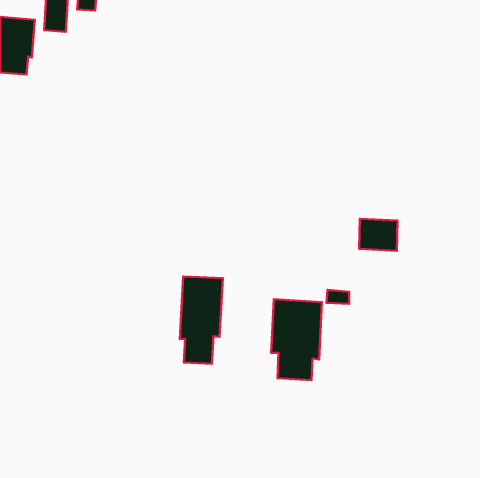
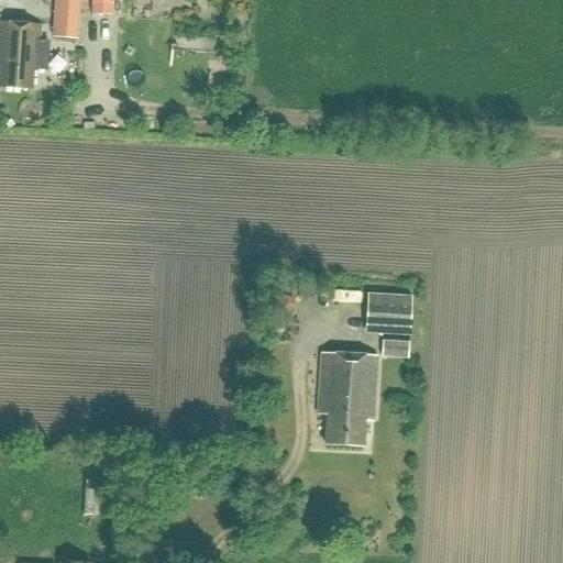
building: [359,219,398,251] -> [366,292,411,330]
building: [180,276,223,364] -> none

